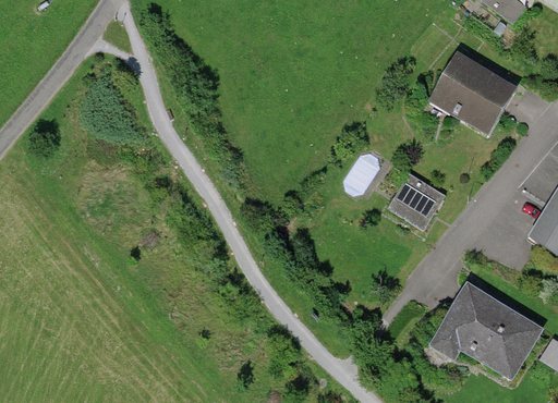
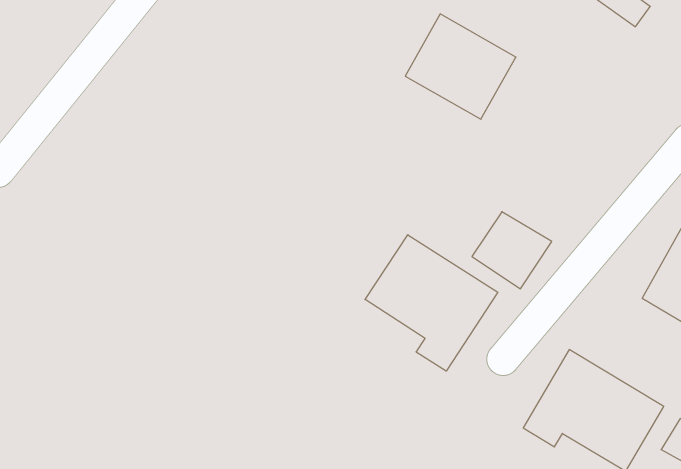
building: [427,50,517,135] -> [405,14,516,119]
building: none -> [365,235,498,371]

